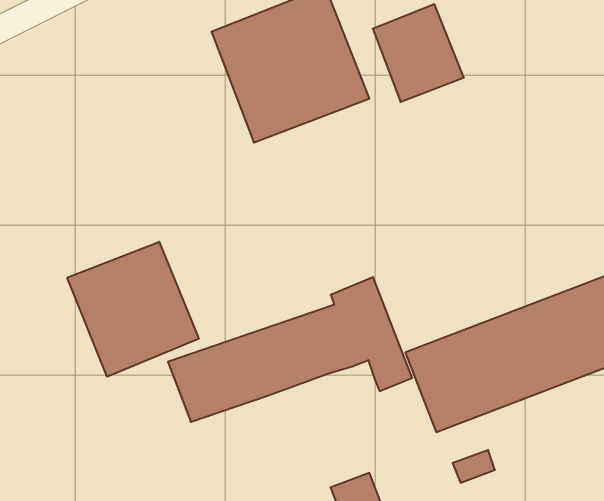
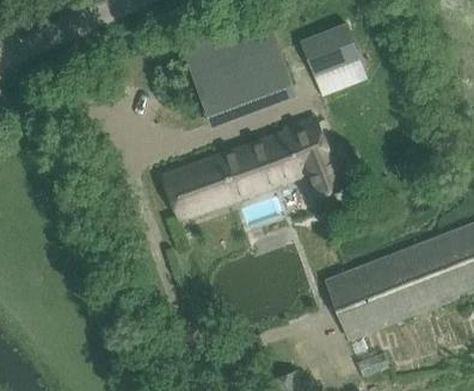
building: [67,242,199,377] -> none
building: [168,277,412,422] -> [162,112,341,218]

